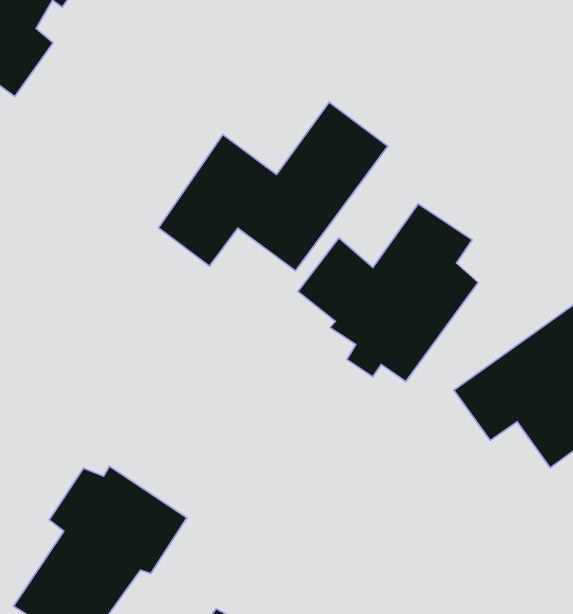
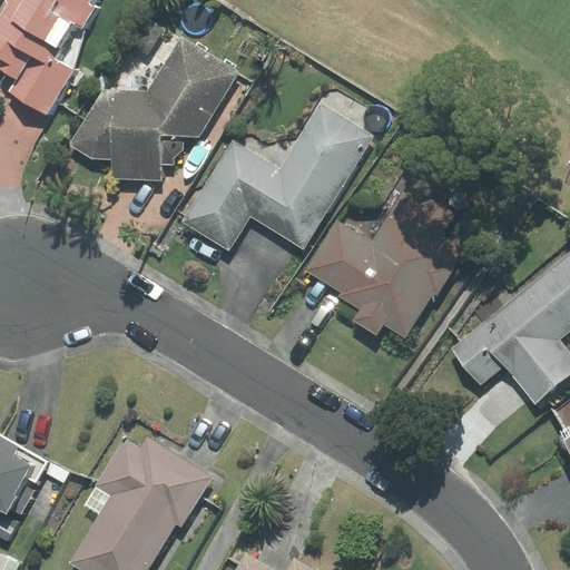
building: none -> [67,35,237,181]

